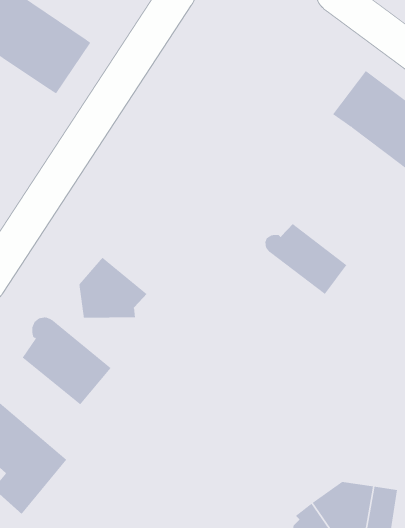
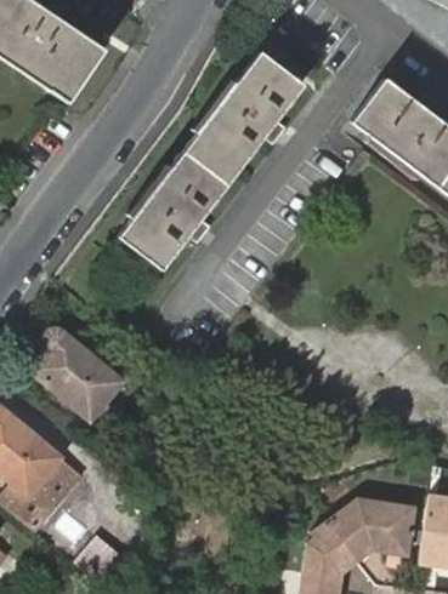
building: none -> [118,51,304,269]
building: [265,223,347,295] -> none
building: [79,257,148,319] -> none

